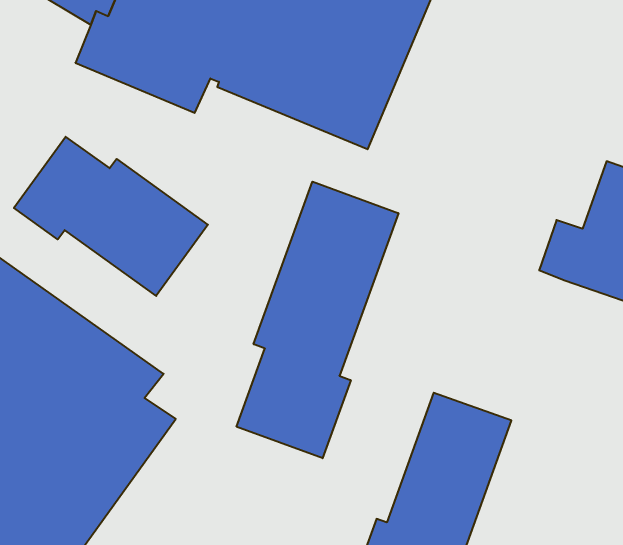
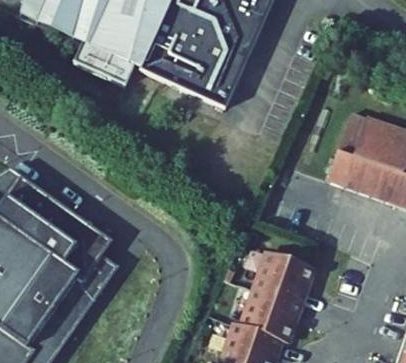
building: [14,137,208,296] -> none
building: [237,182,398,458] -> none

